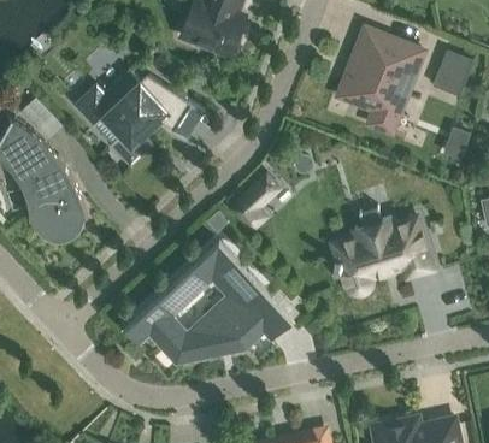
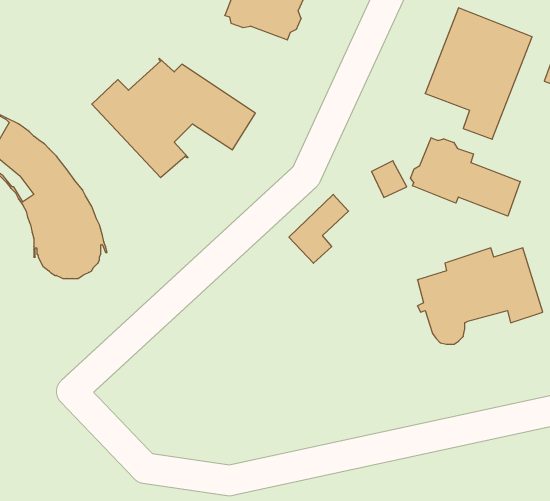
building: none -> [410,138,520,216]
building: [125,241,293,359] -> none

